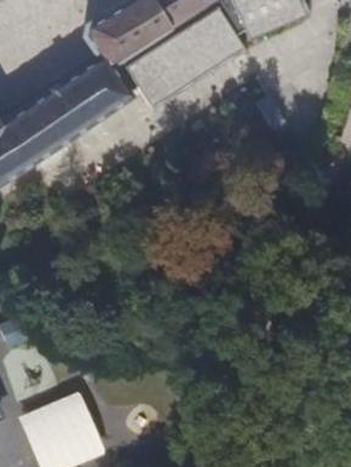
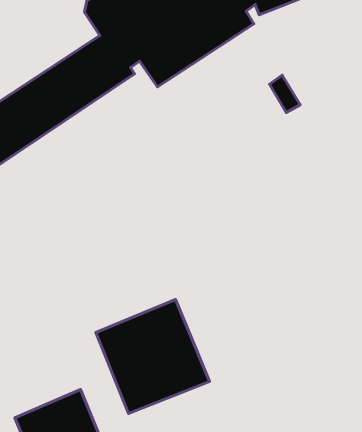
building: none -> [96,300,210,413]

